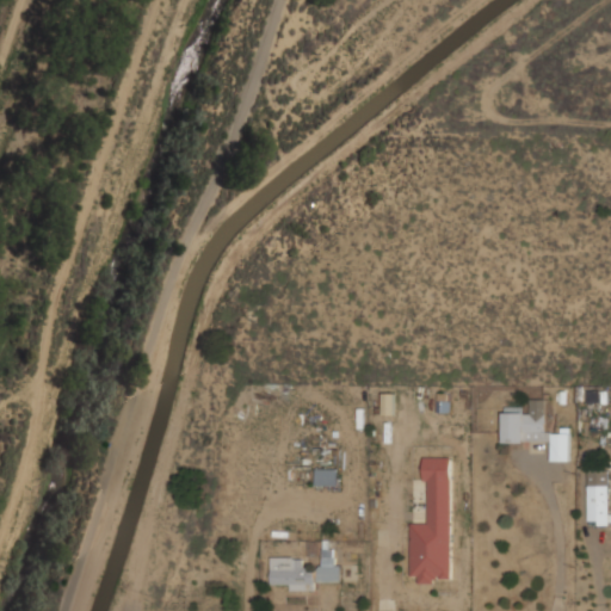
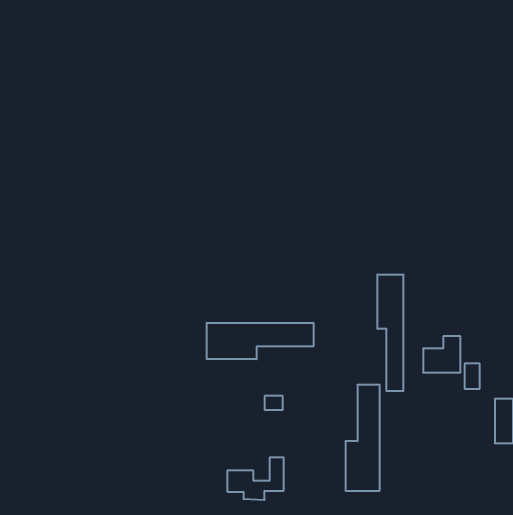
building: none -> [377,274,403,391]
building: none -> [207,323,313,359]

